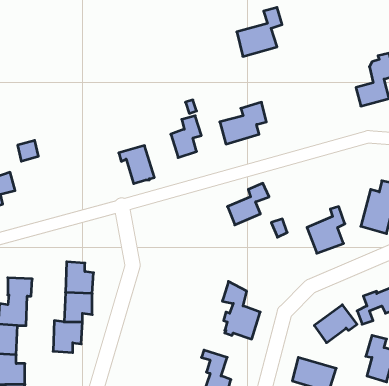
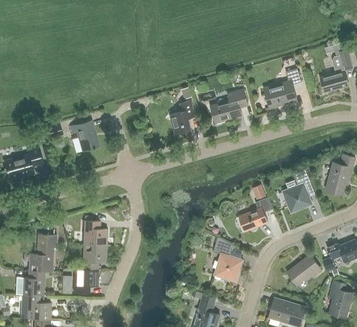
building: [237,7,282,56] -> [264,69,301,109]
building: [119,146,154,184] -> [70,121,99,152]
building: [227,183,269,225] -> [239,198,273,232]

